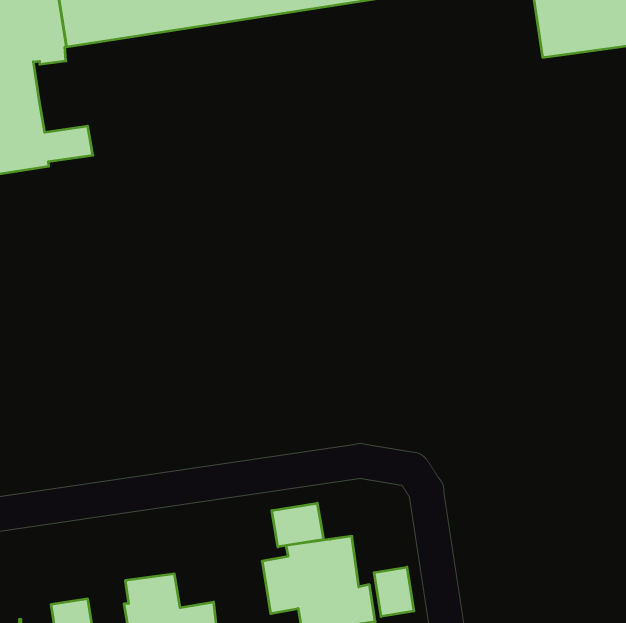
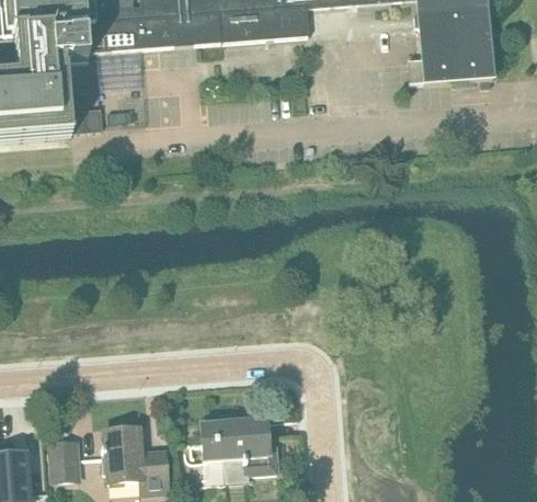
building: [272,503,323,547] -> none
building: [374,567,414,617] -> none

